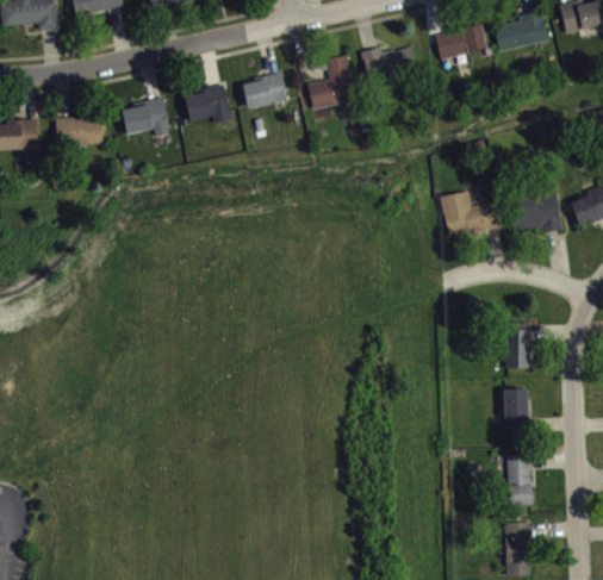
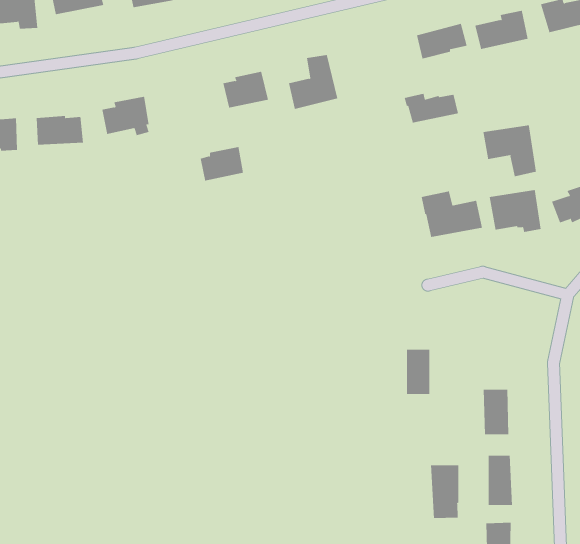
building: [360,48,415,77] -> [404,93,459,123]
building: [185,85,229,119] -> [200,146,244,181]
building: none -> [483,124,536,177]
building: [505,323,529,368] -> [406,349,430,395]
building: none -> [430,465,459,519]

